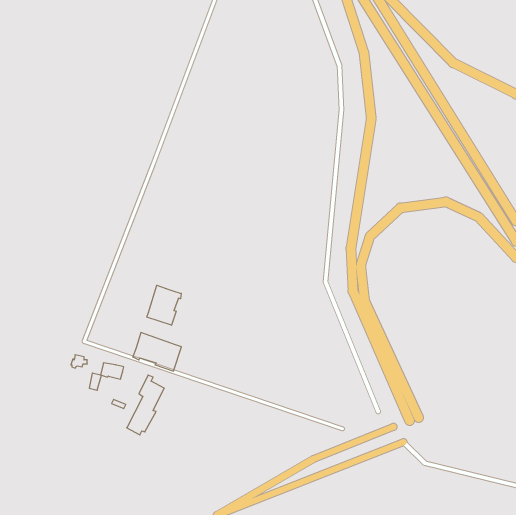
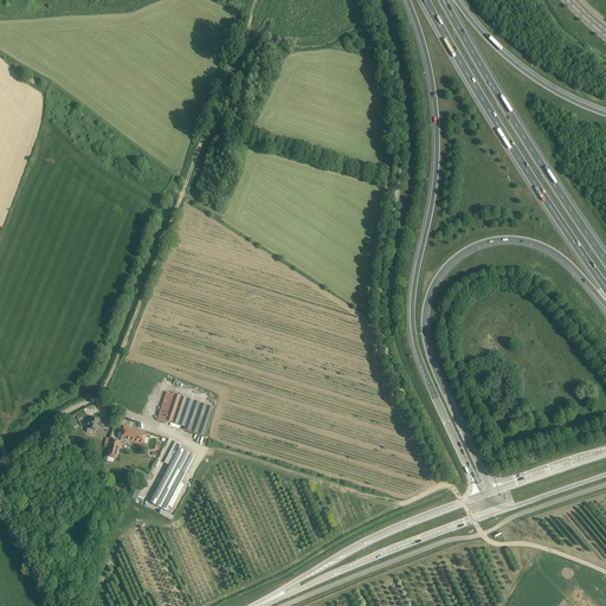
building: [147,285,181,325] -> none

